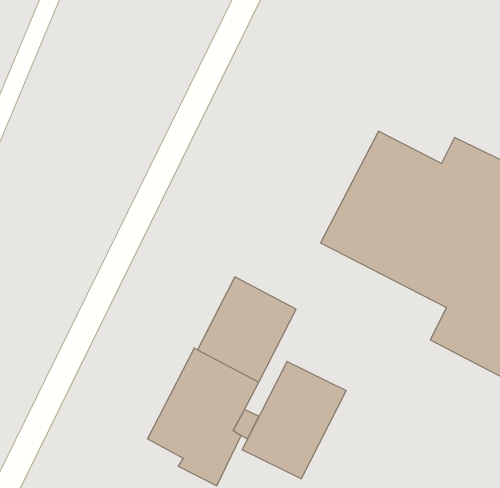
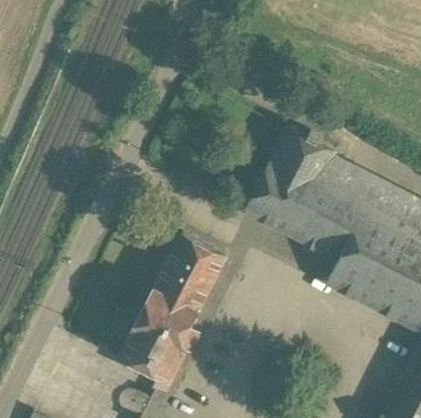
building: [242,361,346,479] -> none

